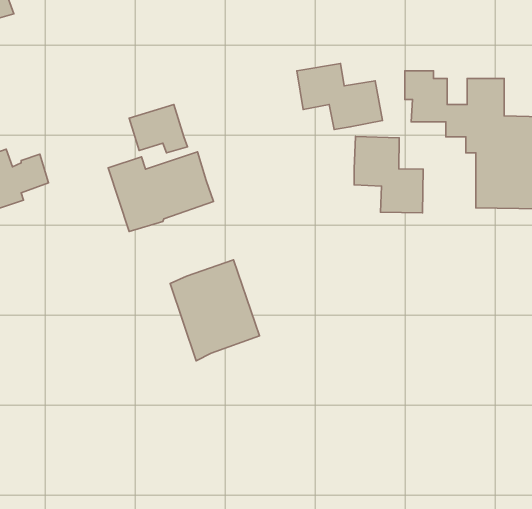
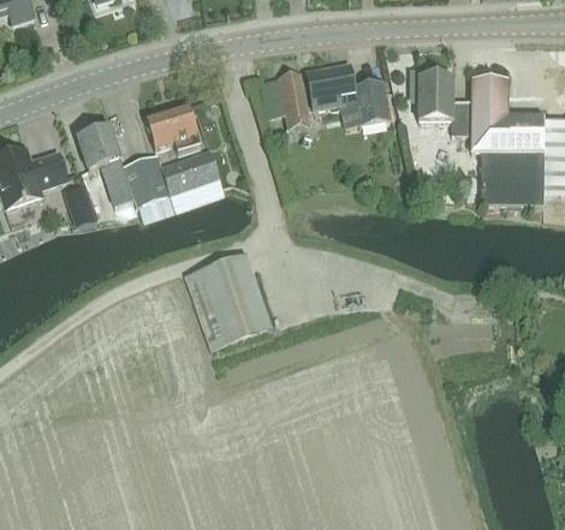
building: none -> [262,71,309,127]
building: none -> [77,126,133,207]
building: [354,136,423,213] -> none

